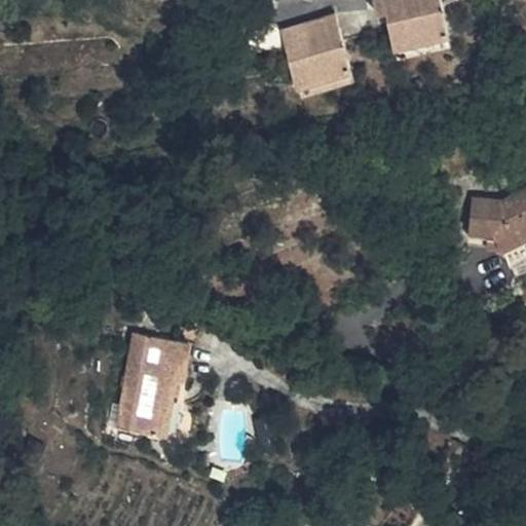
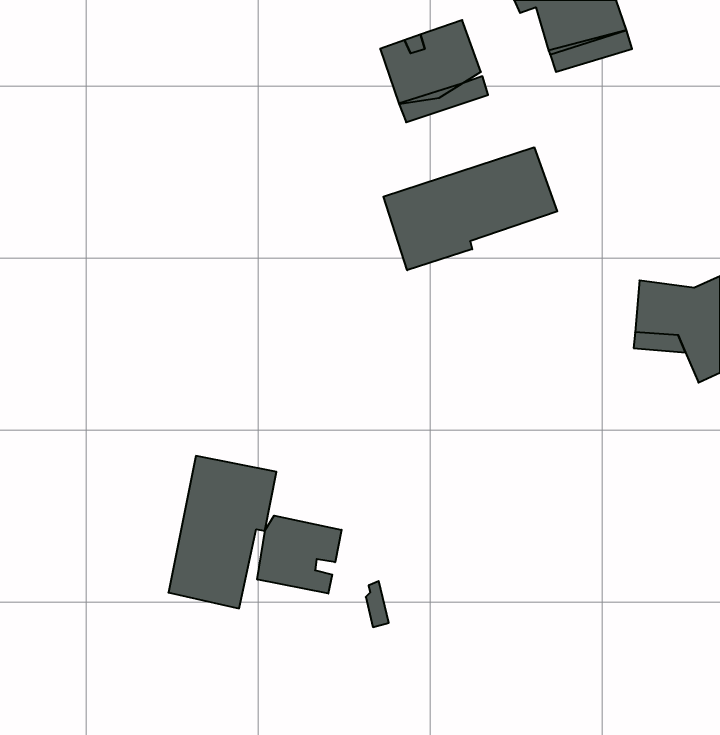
building: none -> [383,147,557,270]
building: none -> [257,516,342,594]

